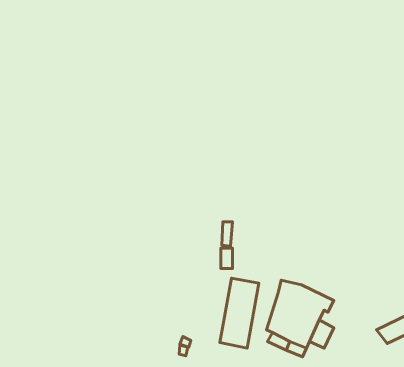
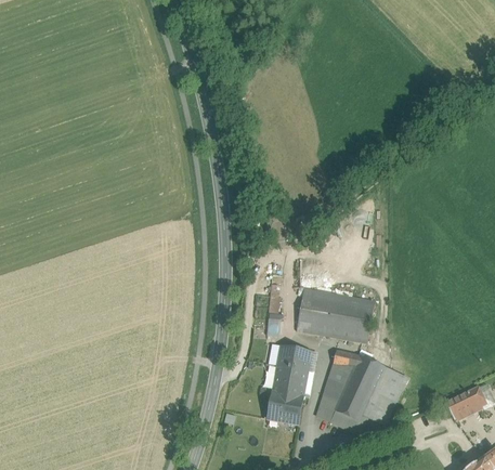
building: none -> [295,286,373,340]
building: none -> [377,370,405,401]

